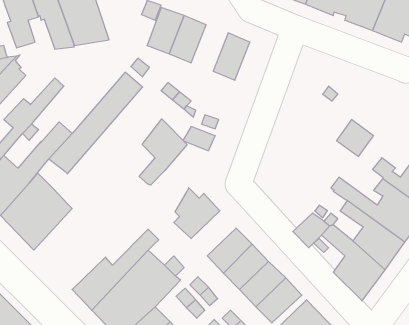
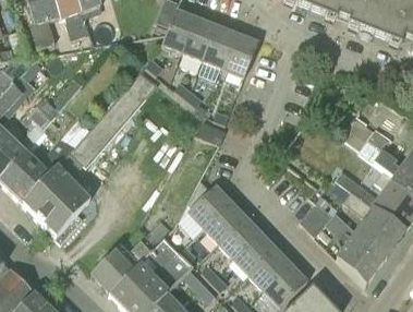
building: none -> [203,25,238,69]
building: [139,119,187,185] -> none
building: none -> [203,201,245,243]

